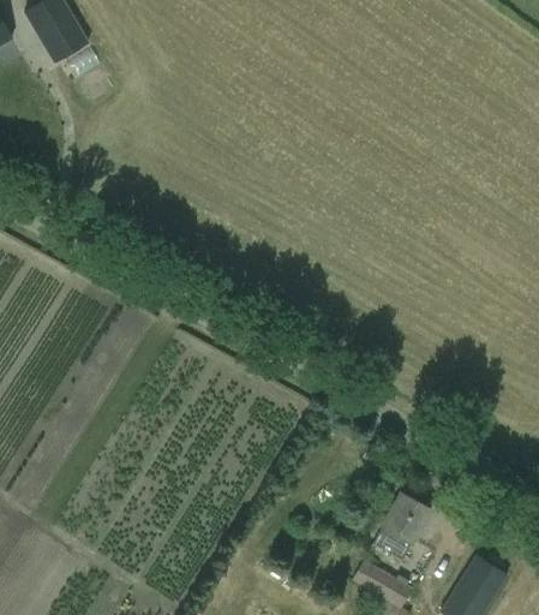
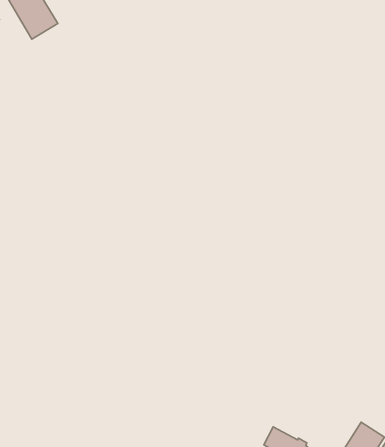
building: [377,494,431,559] -> none

